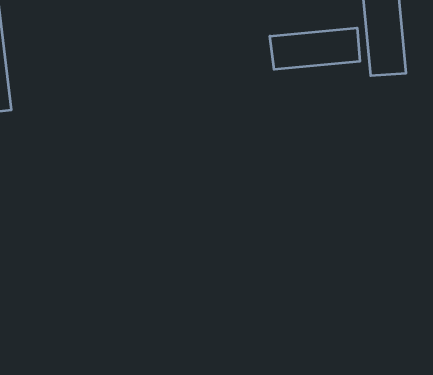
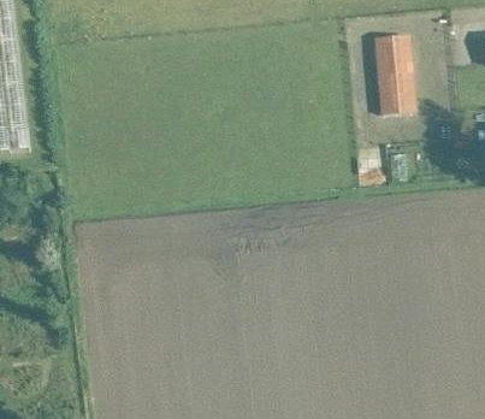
building: [270,28,360,69] -> none

